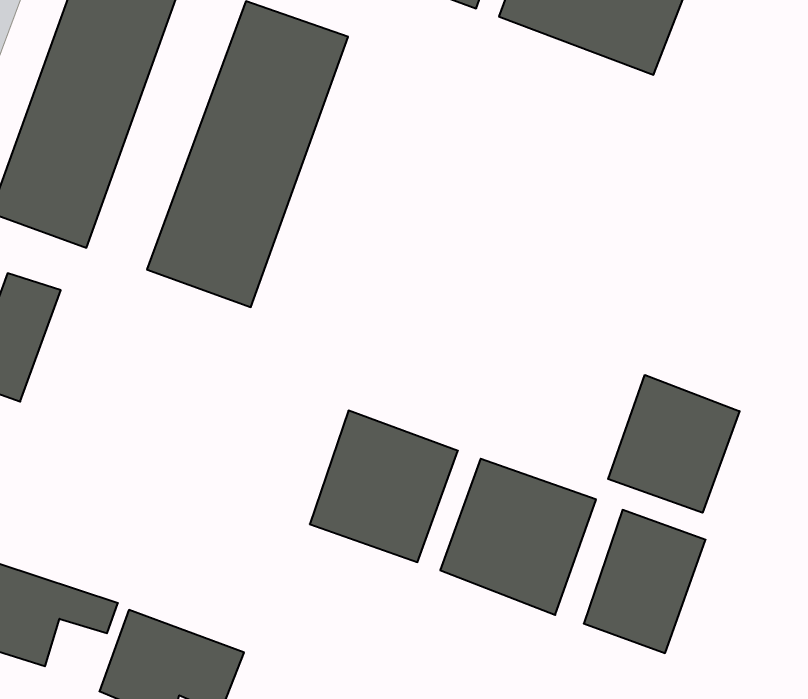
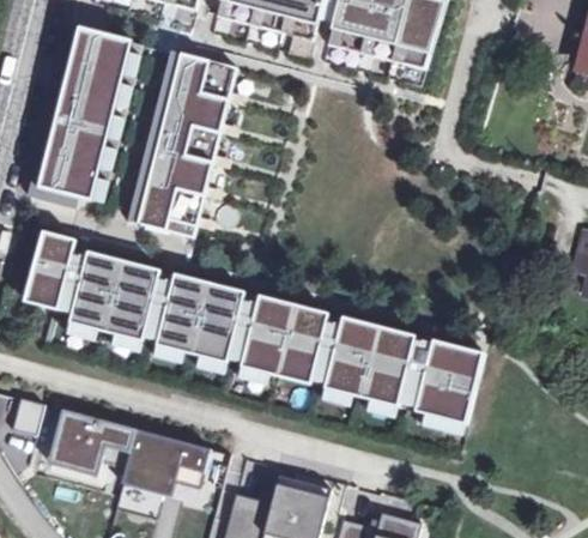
building: none -> [69,249,160,340]
building: none -> [157,272,244,361]
building: [608,375,740,513] -> none

